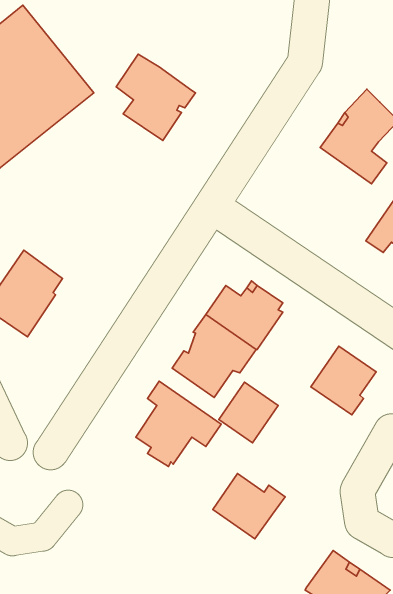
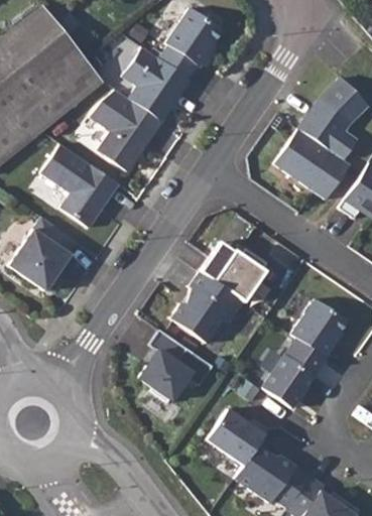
building: none -> [160,8,223,79]
building: none -> [92,91,163,171]
building: none -> [275,128,351,199]
building: none -> [41,144,120,228]
building: [219,382,278,443] -> [263,356,315,408]
building: none -> [235,444,311,508]

